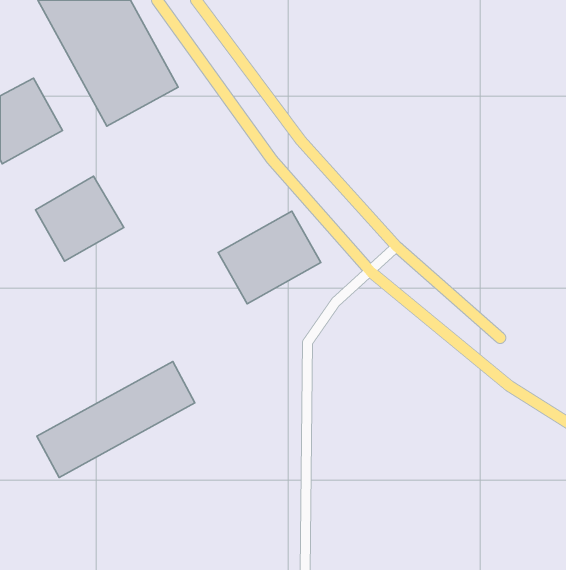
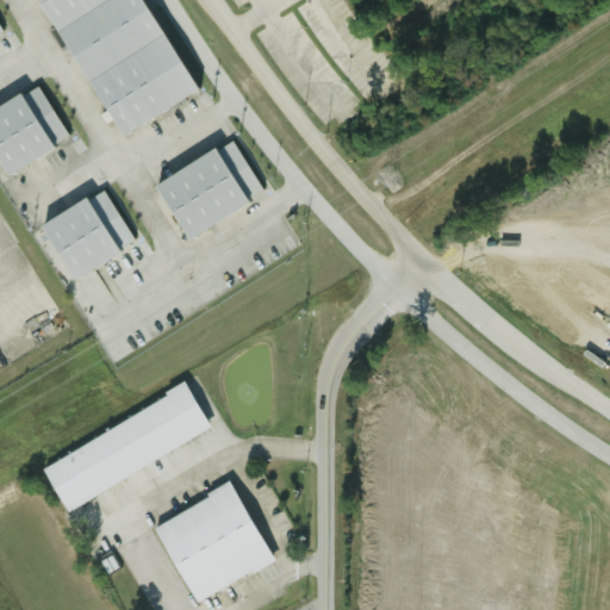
building: [218,211,321,304] -> [155,139,264,238]
building: none -> [156,485,273,602]

